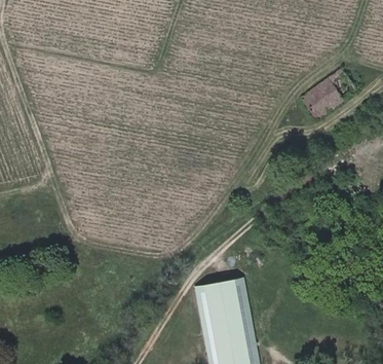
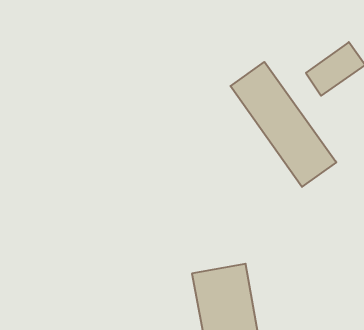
building: none -> [230,62,336,187]

